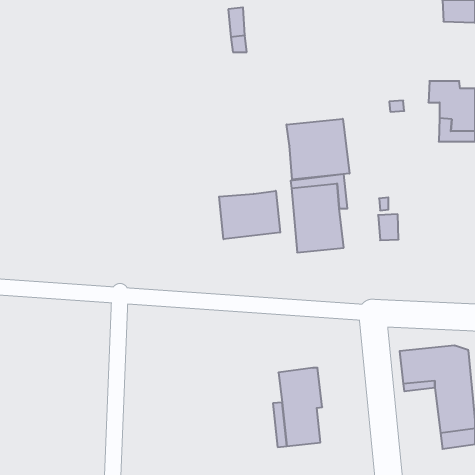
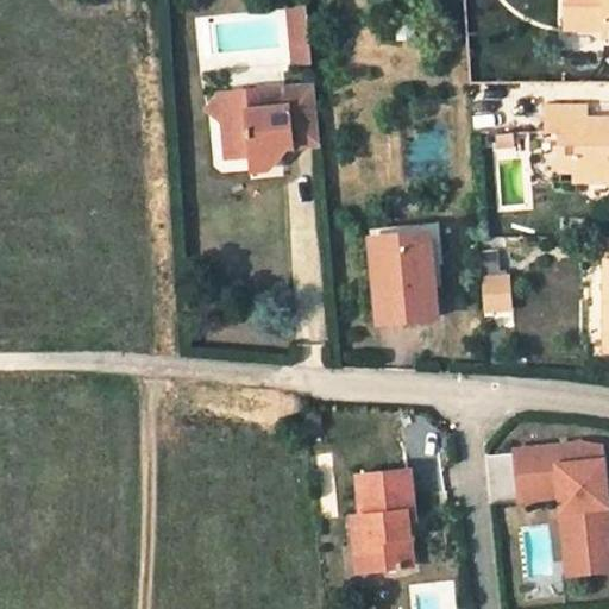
building: none -> [208,90,322,168]
building: [287,119,349,179] -> none
building: [219,191,280,239] -> none

